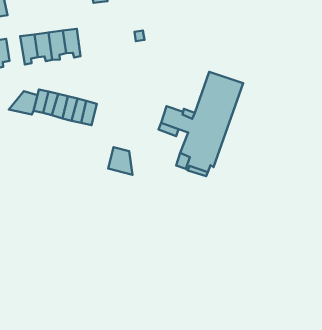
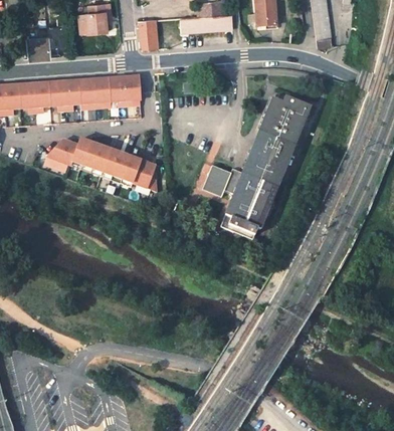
building: none -> [124,76,141,106]
building: none -> [48,81,66,112]
building: none -> [260,96,310,146]
building: [108,147,132,175] -> [133,158,158,188]

